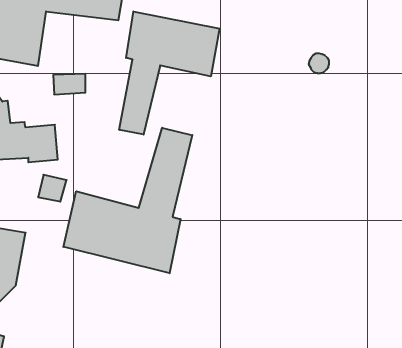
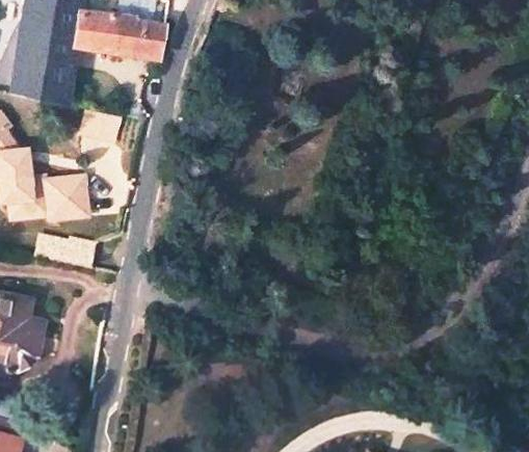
building: [119,11,220,135] -> none
building: [63,128,192,273] -> none

